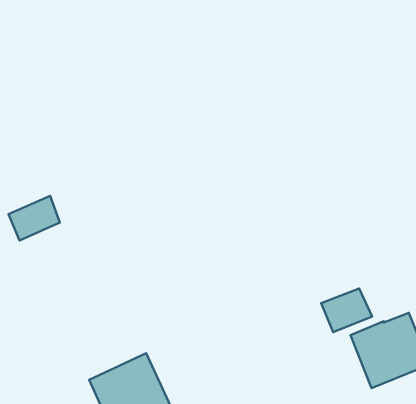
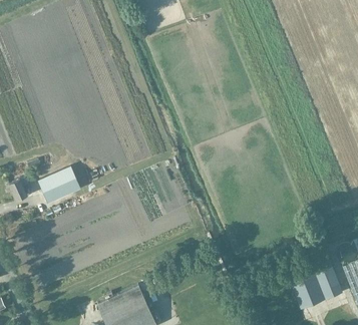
building: [321,288,372,332] -> none

